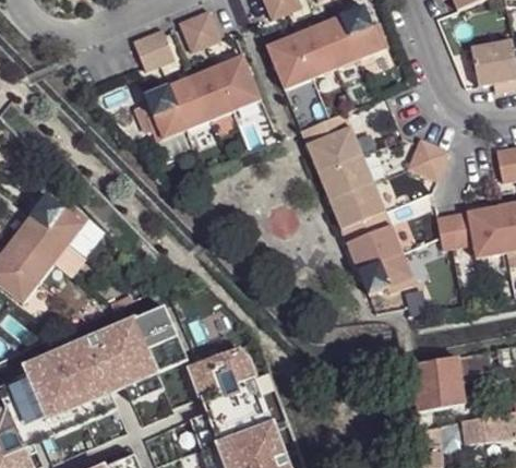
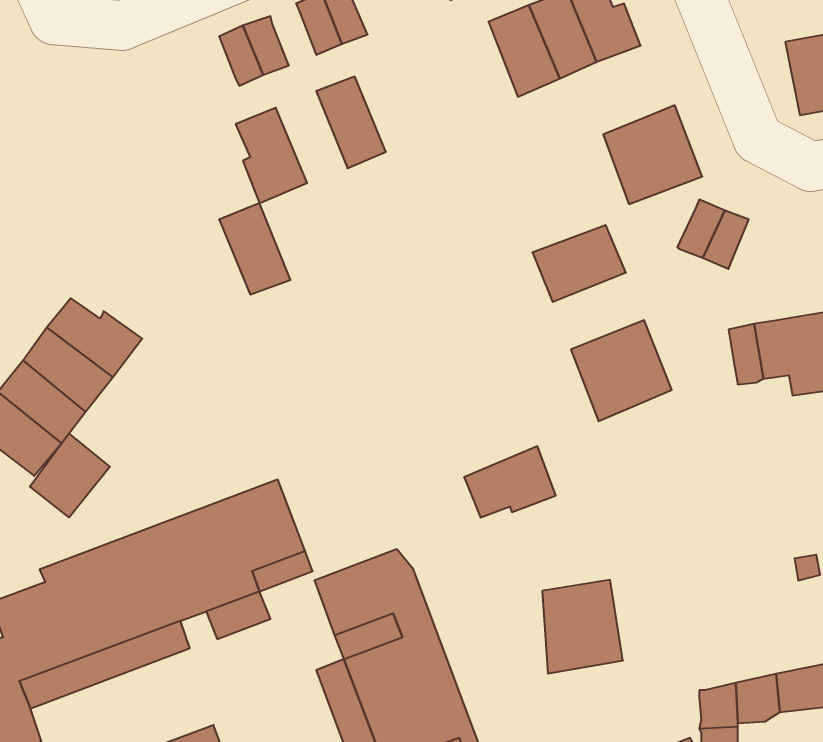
building: [266,33,311,88] -> none
building: [214,53,261,110] -> none
building: [167,74,209,129] -> [219,203,291,295]
building: [304,111,363,170] -> [603,105,702,204]
building: [332,182,386,228] -> none
building: [359,252,413,295] -> [464,446,556,518]
building: none -> [30,434,110,517]
building: [417,357,465,412] -> [542,580,623,673]

